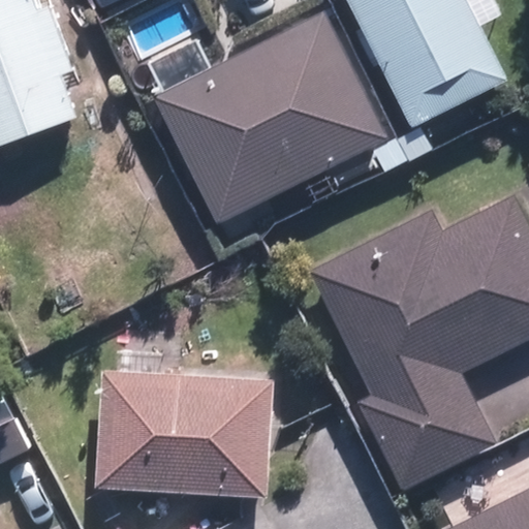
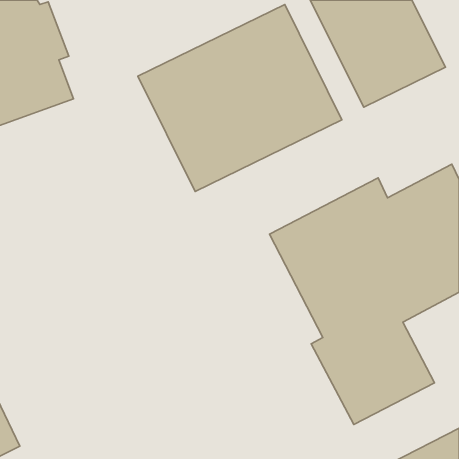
building: [92,370,280,498] -> none

